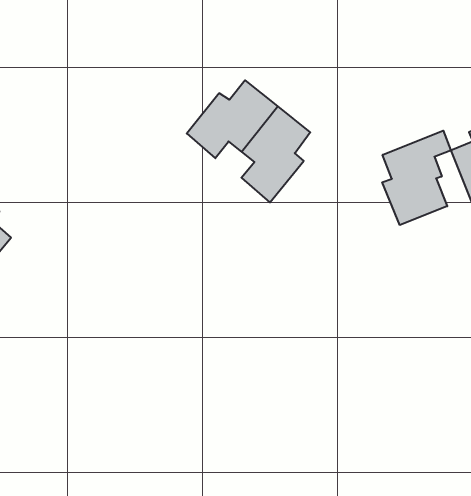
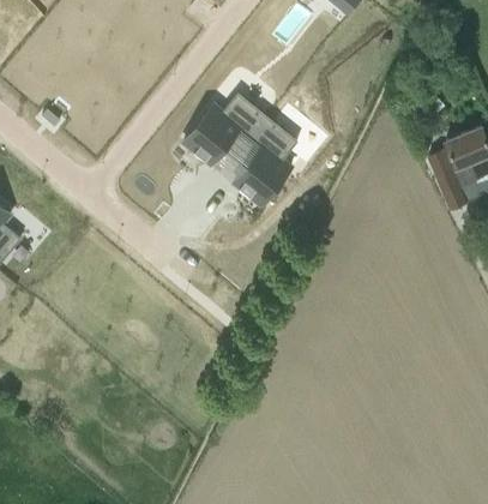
building: [382,131,451,225] -> none

